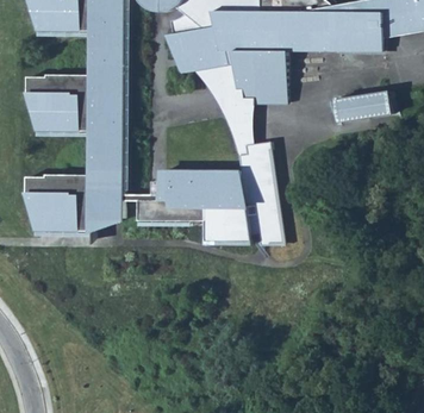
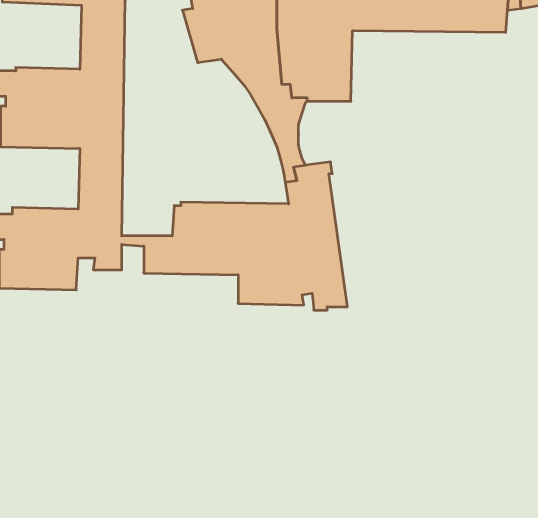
building: [336,93,393,124] -> none

